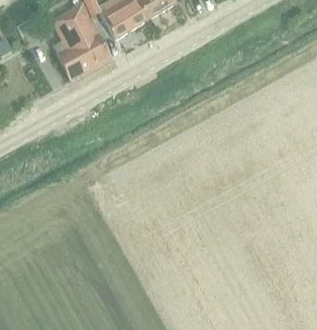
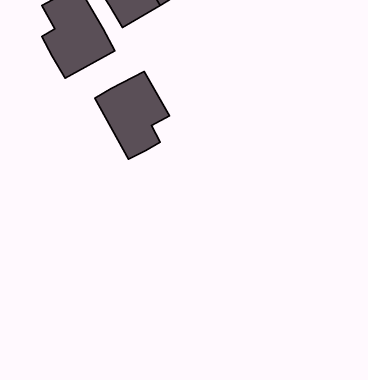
building: none -> [95,71,169,159]

